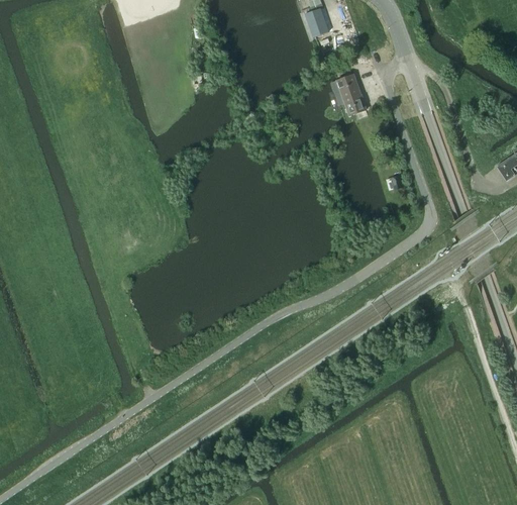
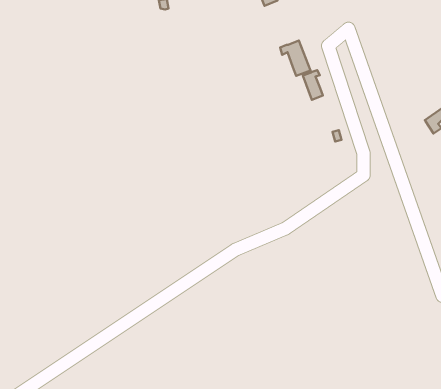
building: none -> [303,70,323,100]

